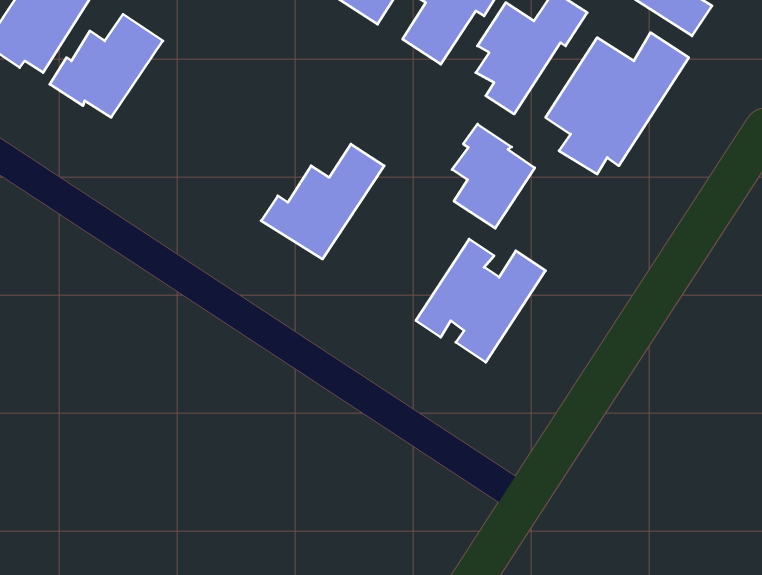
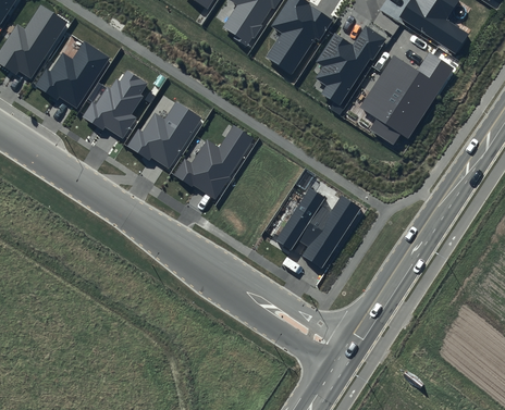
building: none -> [83,70,147,137]
building: none -> [127,100,201,167]
building: [452,124,535,228] -> none

